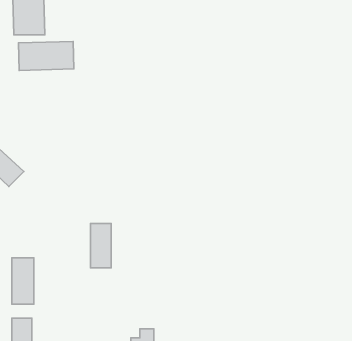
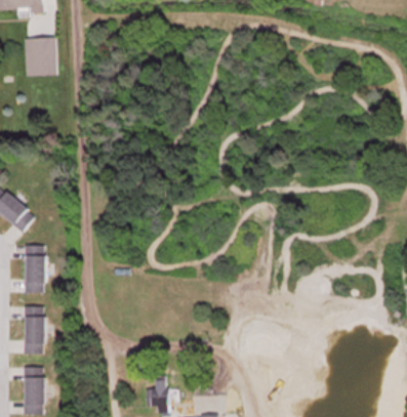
building: [18,41,74,70] -> none
building: [90,223,111,268] -> [25,246,46,292]

